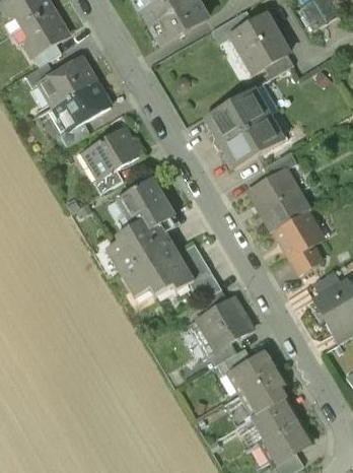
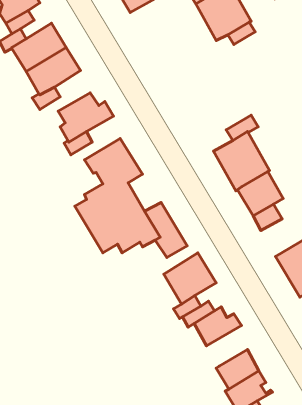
building: [205,88,283,167] -> none
building: [242,371,286,414] -> none

